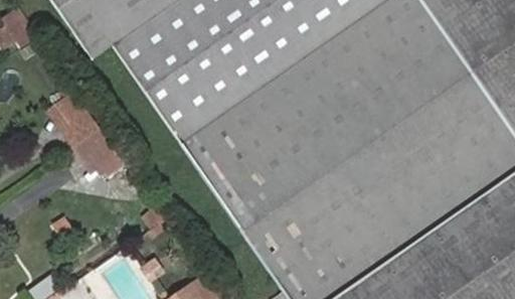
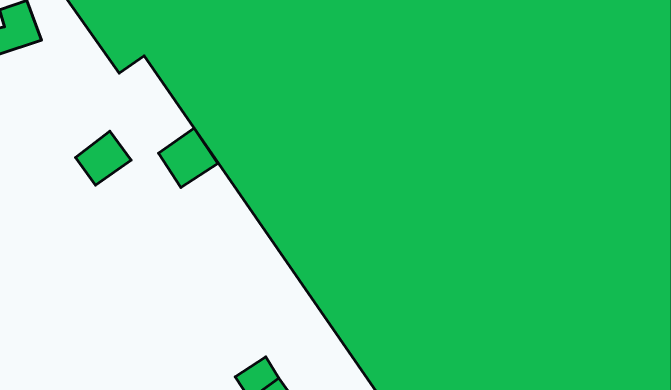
building: [74,123,120,168] -> [158,128,218,187]

